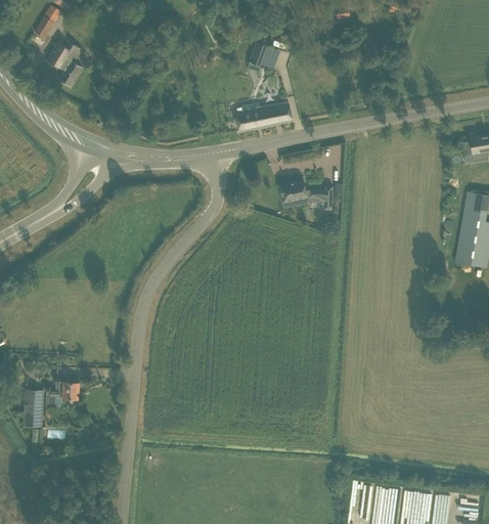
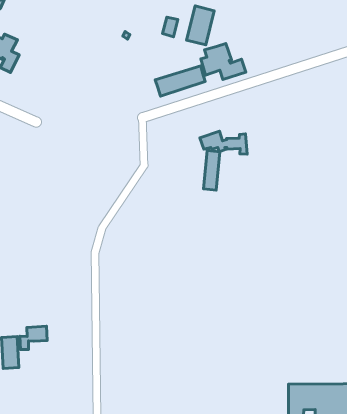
building: none -> [187,6,214,45]
building: none -> [201,43,246,80]
building: none -> [204,151,220,190]

